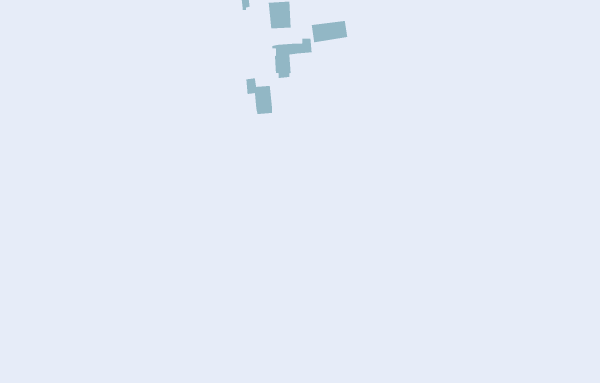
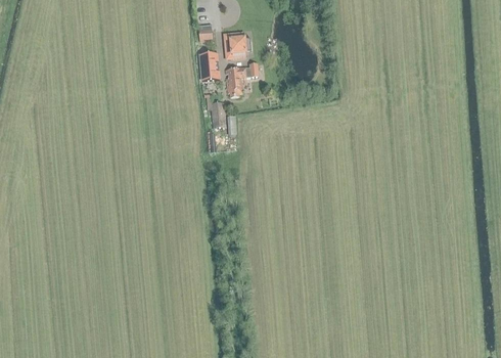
building: [311,20,348,43] -> none
building: none -> [201,53,221,80]

